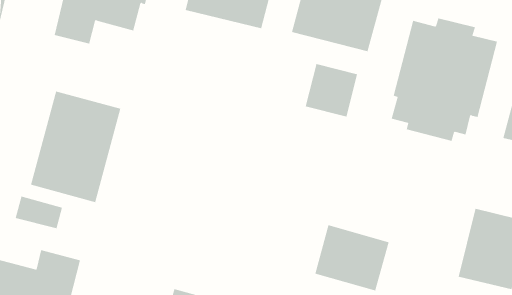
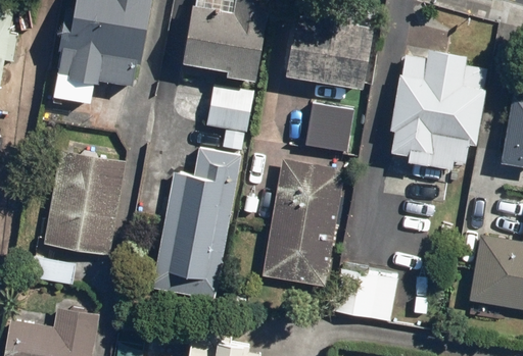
building: none -> [206,86,254,134]
building: none -> [152,148,240,301]
building: none -> [262,158,343,288]

